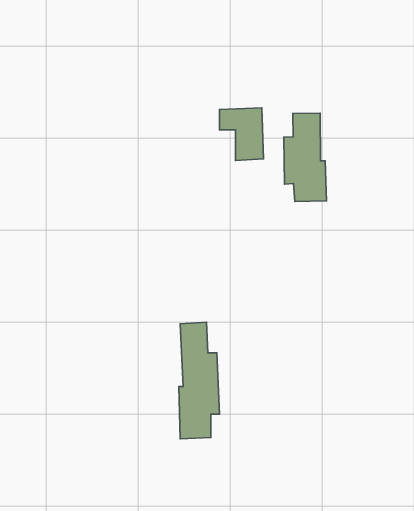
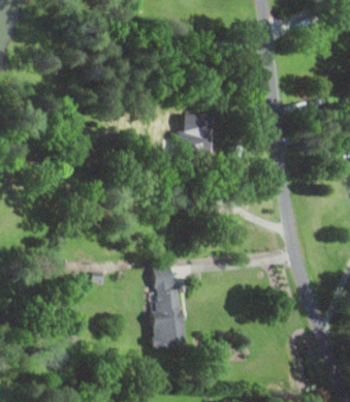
building: [284,113,326,201] -> none

